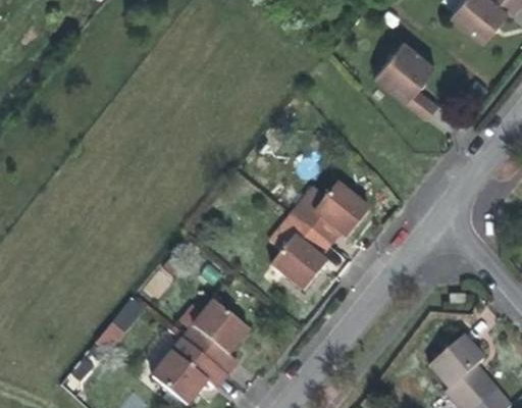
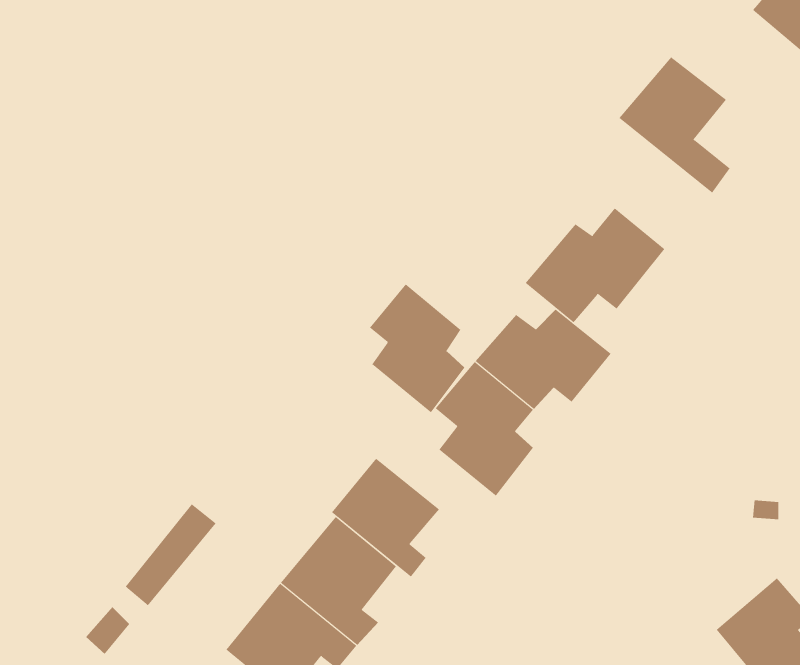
building: none -> [525,207,665,323]
building: none -> [369,283,465,413]
building: none -> [331,458,440,578]

